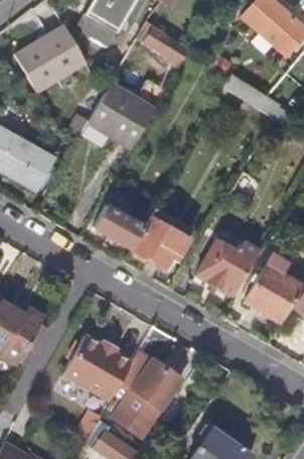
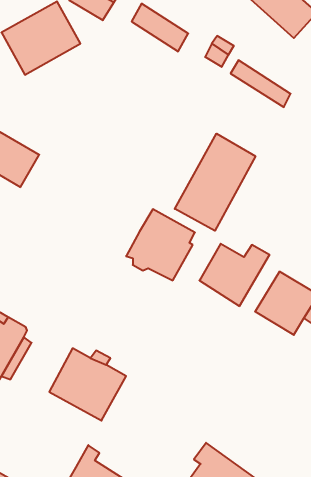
building: [89,85,153,148] -> none
building: none -> [175,134,255,231]
building: [94,206,144,250] -> none
building: [108,358,183,436] -> none

